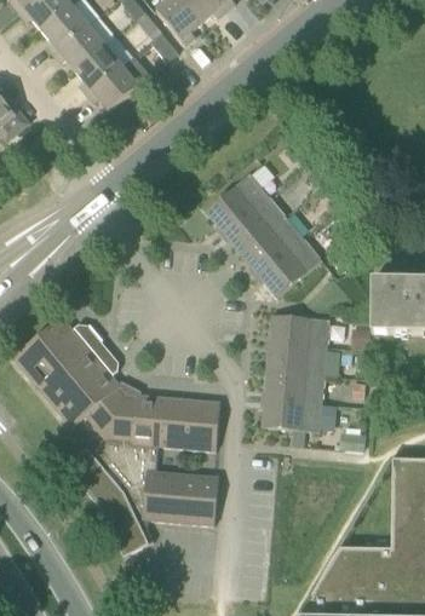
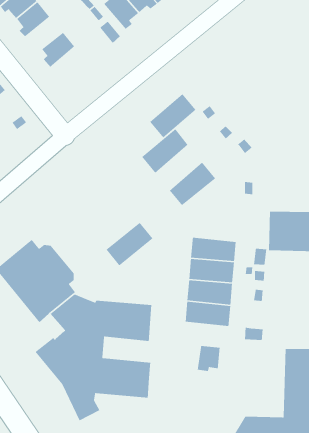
building: [53,25,103,68] -> none
building: [86,53,150,109] -> none
building: [223,192,285,252] -> [149,93,196,139]
building: [258,236,321,294] -> [105,222,154,266]
building: none -> [197,345,221,372]

